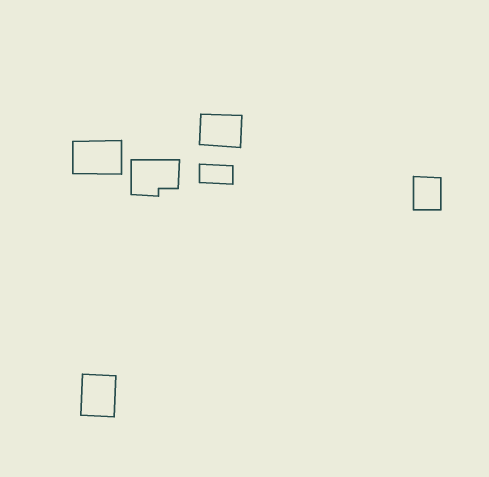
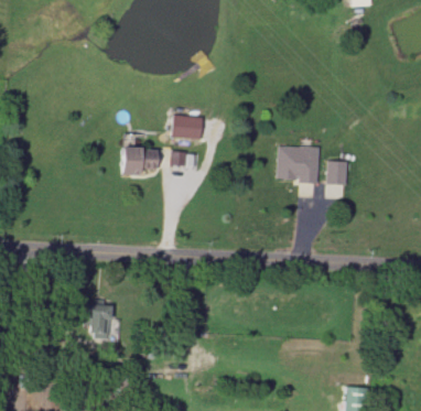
building: [73,141,122,174] -> none
building: none -> [277,147,319,182]

